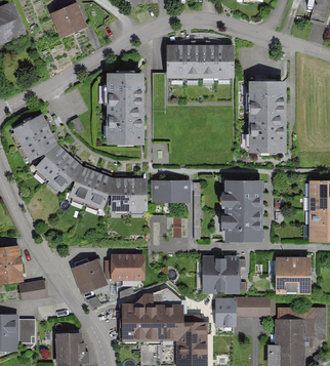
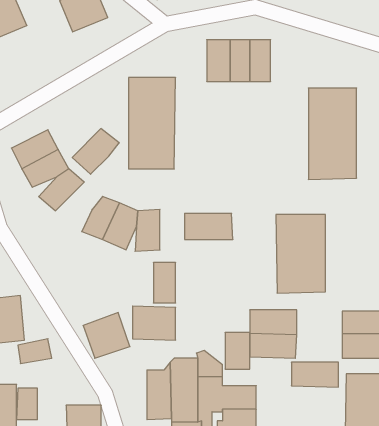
building: [217,44,235,77] -> none
building: [48,156,85,192] -> [72,129,119,174]
building: [130,177,148,209] -> [153,263,176,303]
building: [214,297,234,326] -> [225,333,250,369]

